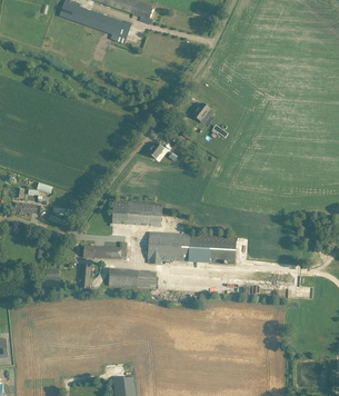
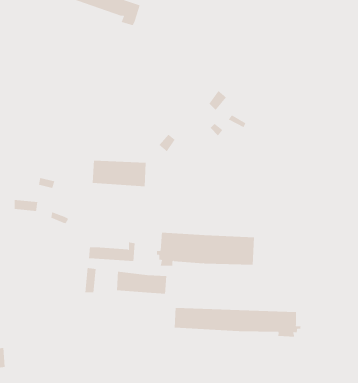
building: [111,200,161,225] -> [92,160,147,187]
building: none -> [174,307,301,338]

